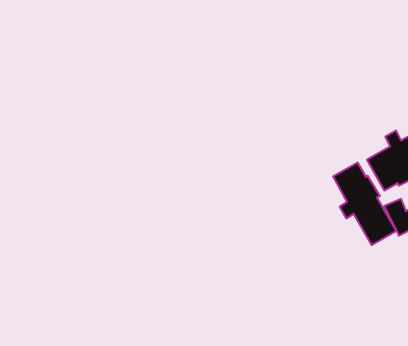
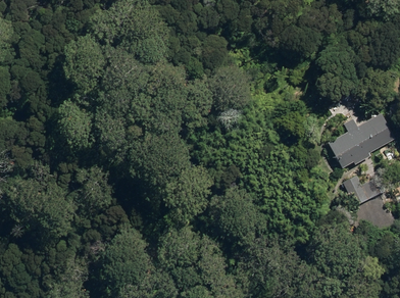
building: [333,163,396,245] -> none

